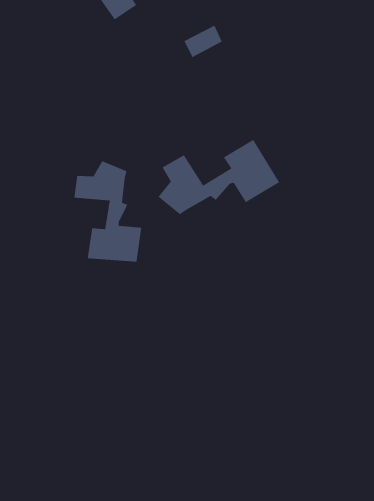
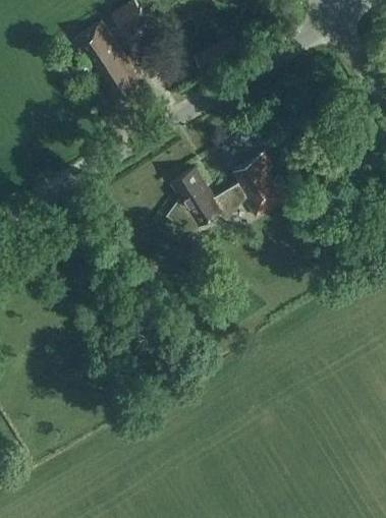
building: none -> [76,21,139,97]
building: [73,160,142,262] -> none

